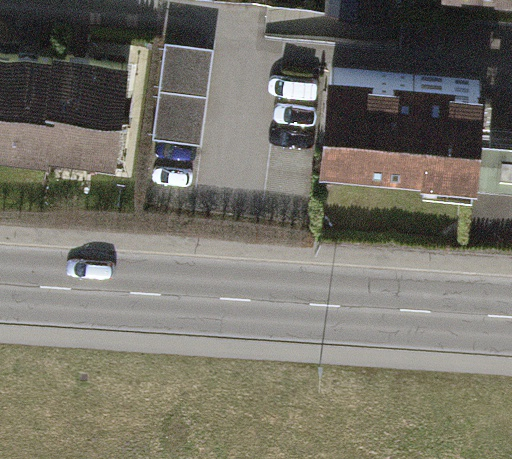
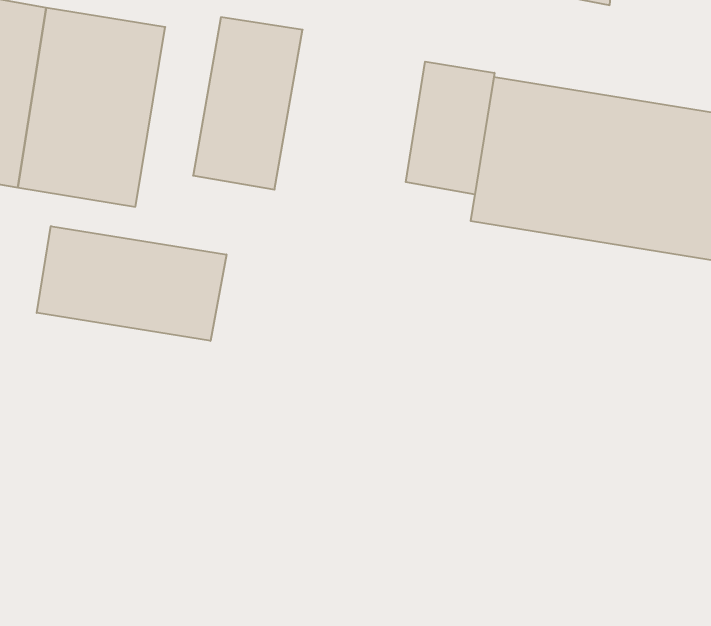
building: none -> [406,62,494,195]
building: none -> [37,226,226,341]

